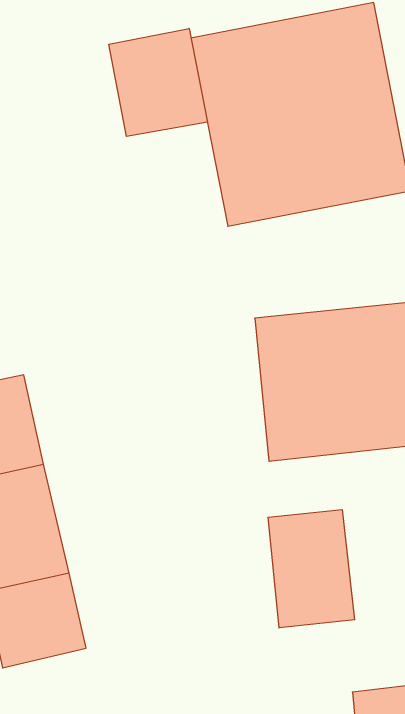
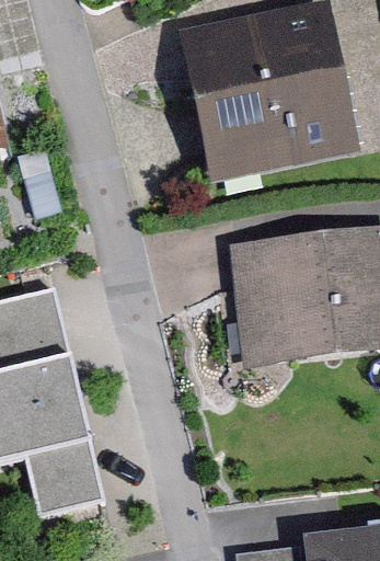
building: [109,28,207,136] -> none
building: [268,510,355,628] -> none

